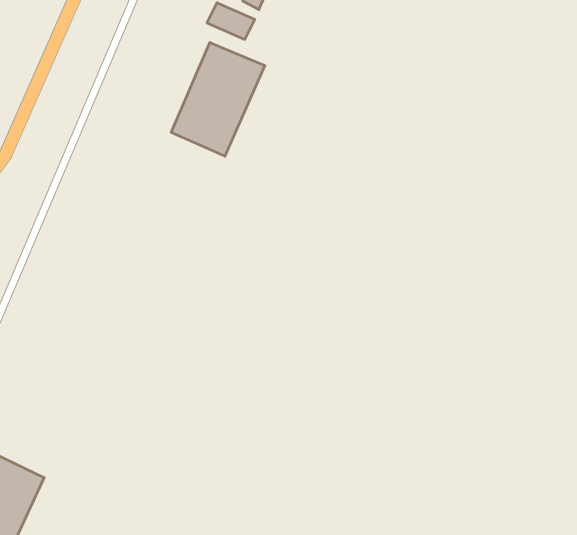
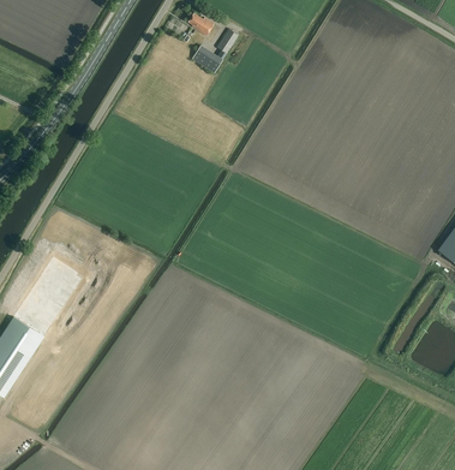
building: [171,42,265,156] -> none

